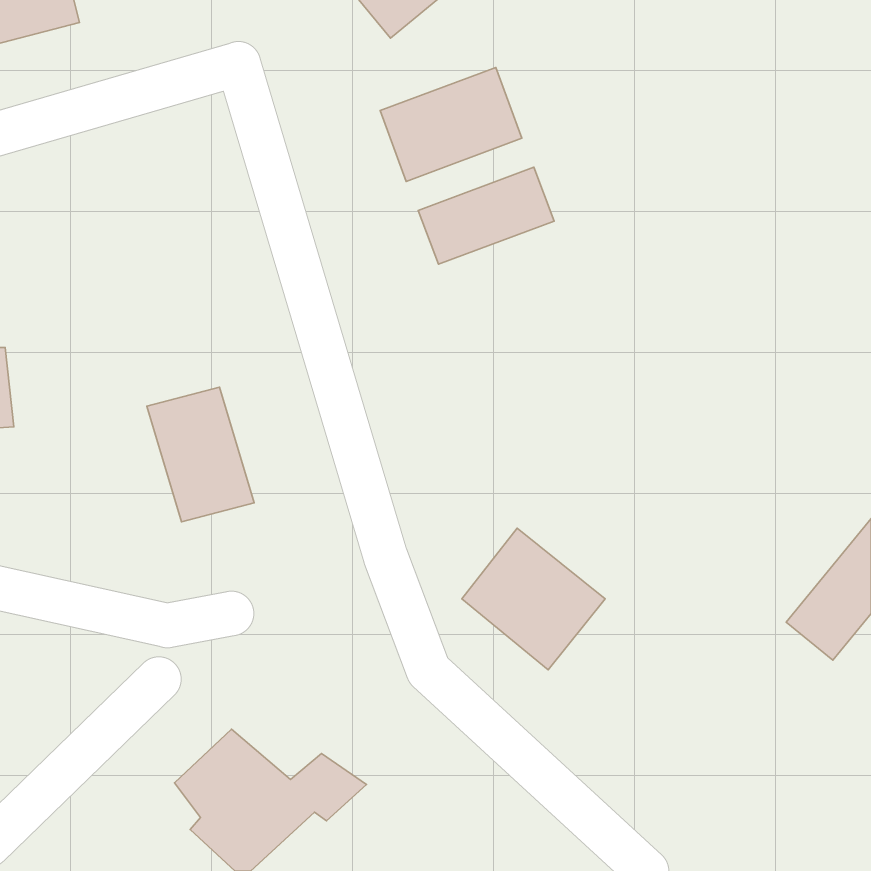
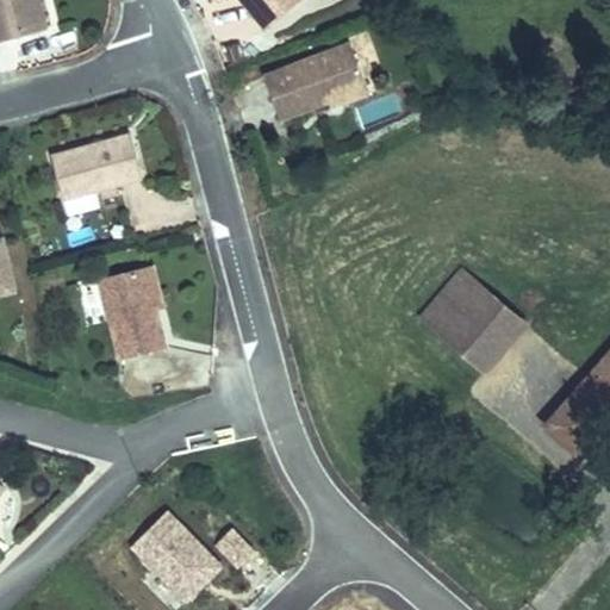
building: [418,167,554,264] -> none
building: none -> [52,127,143,193]
building: [462,528,605,670] -> [423,275,522,373]

